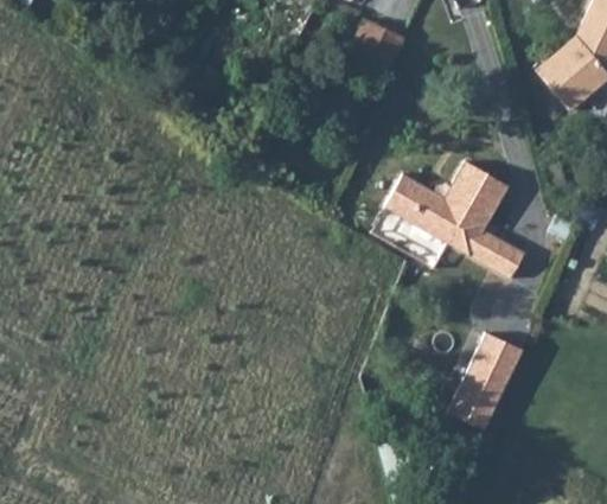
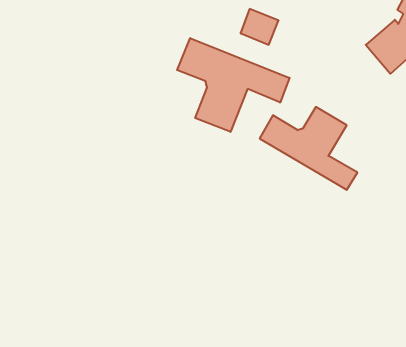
building: none -> [177,38,290,132]
building: [448,332,523,430] -> none

